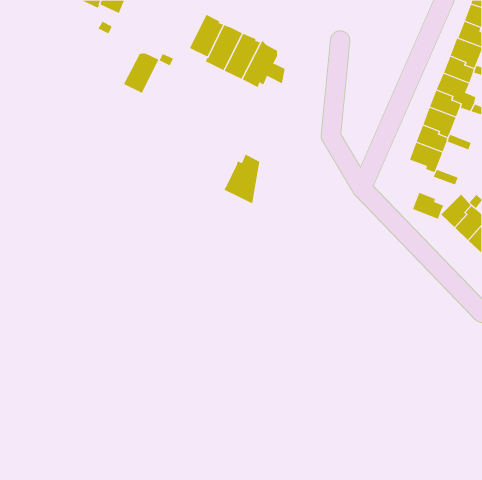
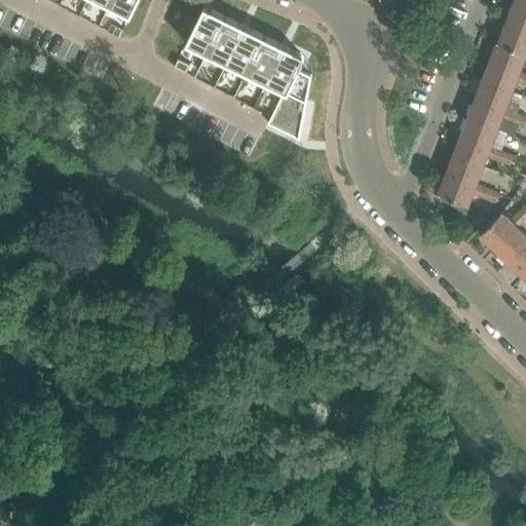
building: [123,53,159,94] -> [185,11,224,55]
building: [223,154,260,204] -> [267,86,307,141]
building: [412,192,444,220] -> [438,177,473,206]

